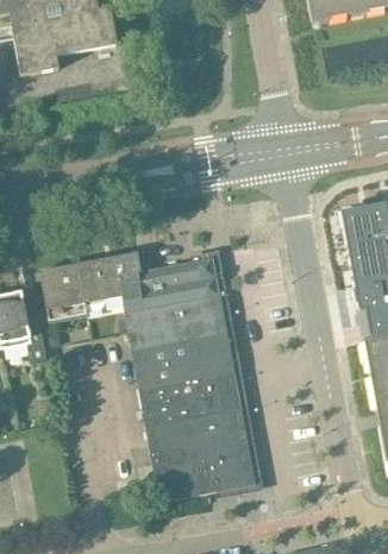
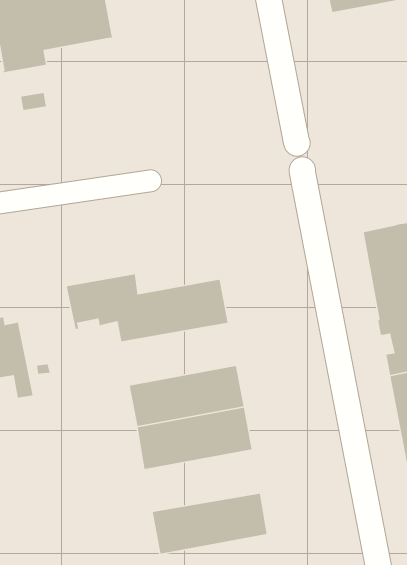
building: [40,263,86,309] -> none
building: [126,296,229,351] -> none
building: [146,408,250,462] -> none

